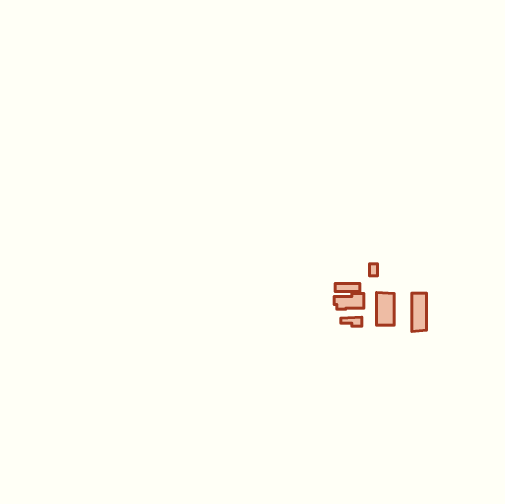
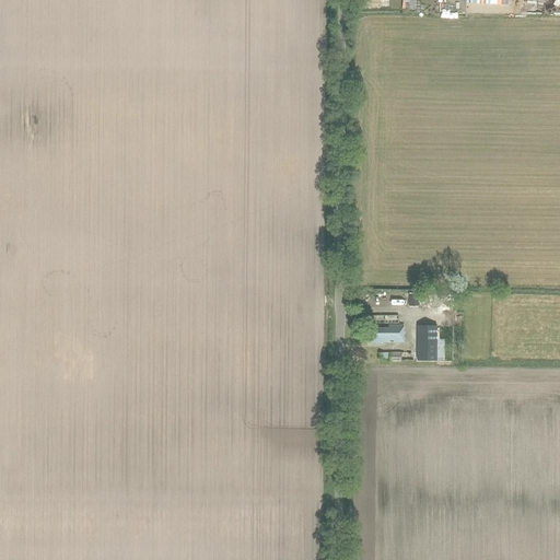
building: [412,293,426,331] -> none

